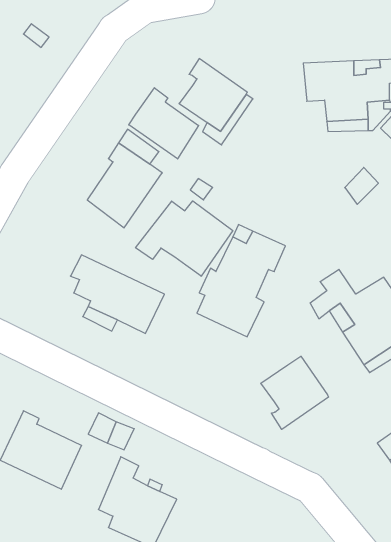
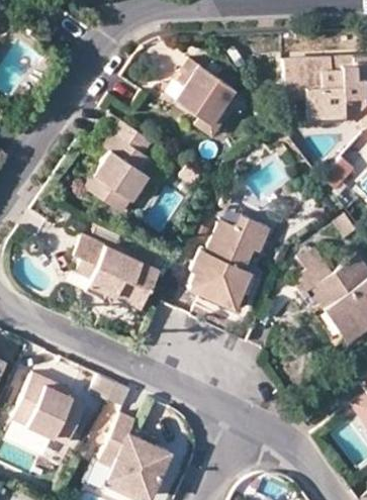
building: [129,88,199,159] -> none
building: [136,201,233,276] -> none
building: [261,356,329,429] -> none

